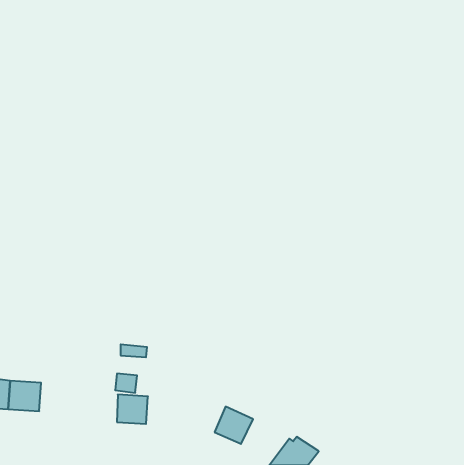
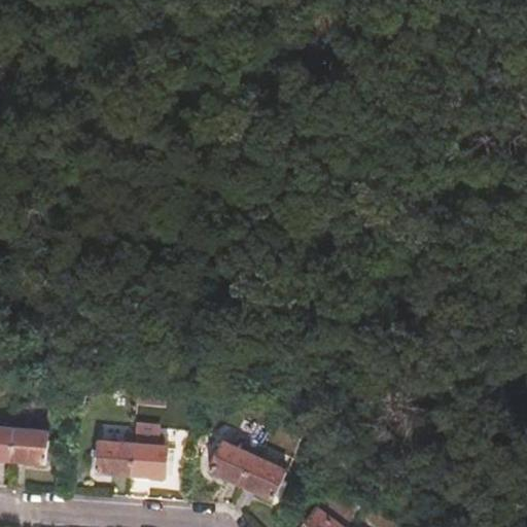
building: none -> [95,442,133,476]
building: none -> [209,443,254,487]

